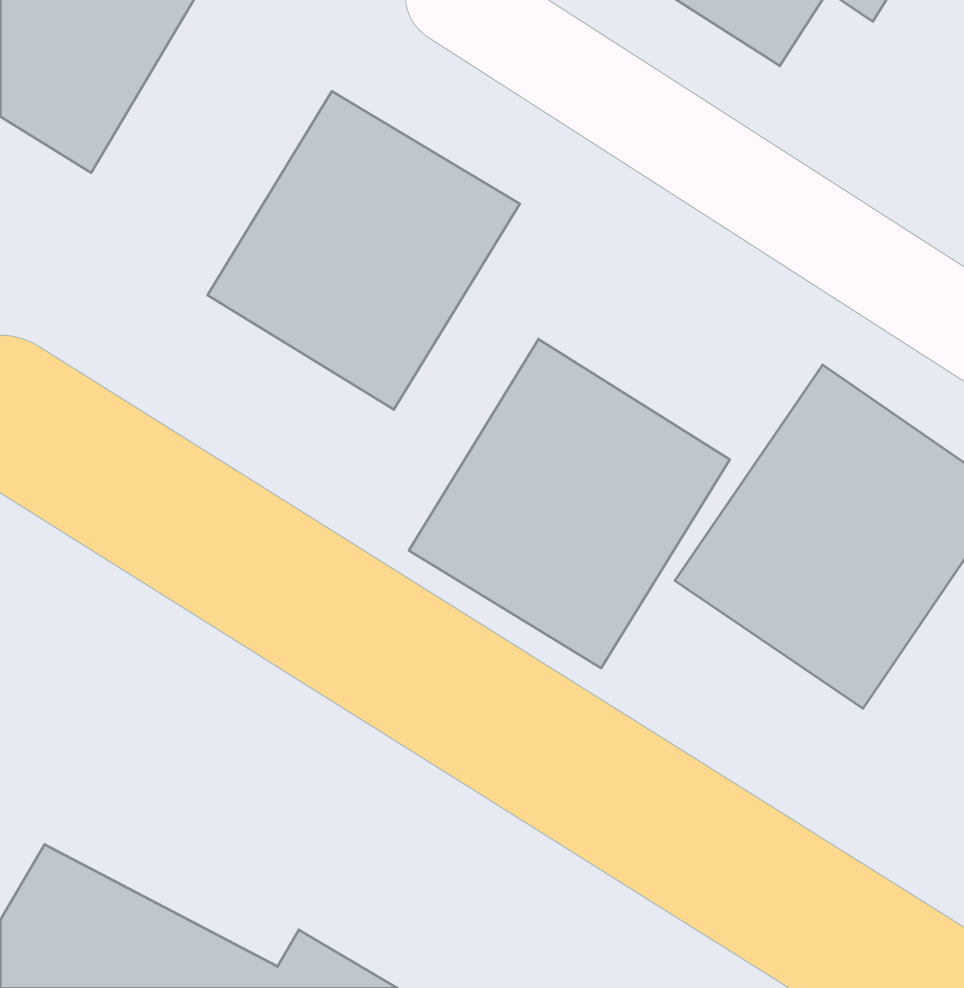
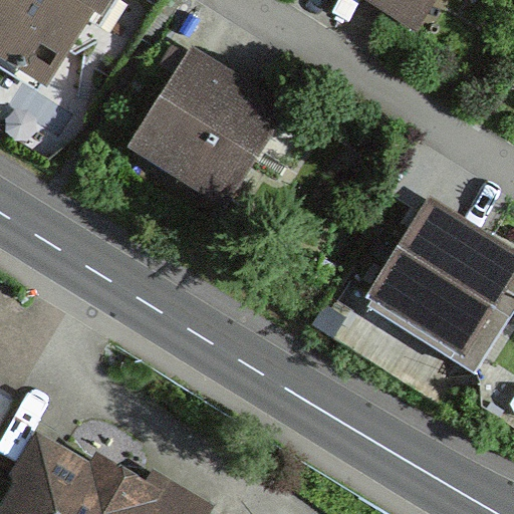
building: [409,339,730,668] -> none

